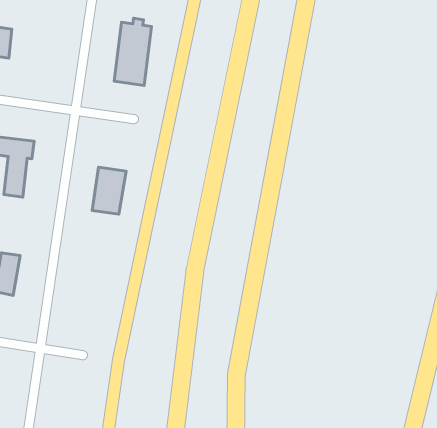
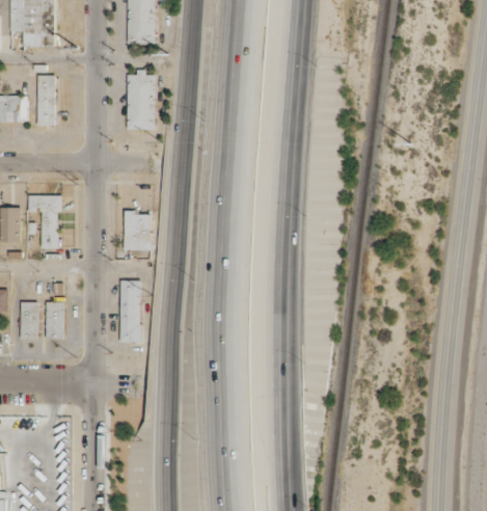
building: none -> [36,75,56,125]
building: none -> [120,280,141,342]

